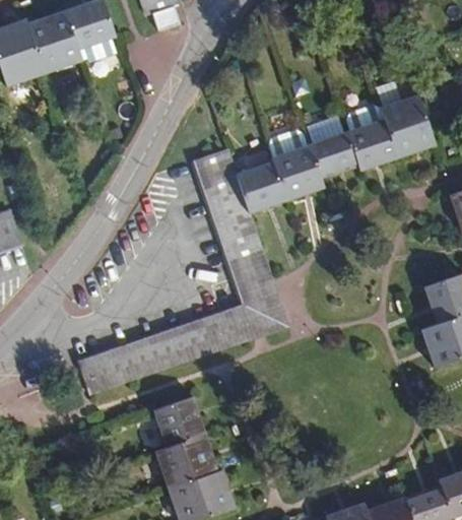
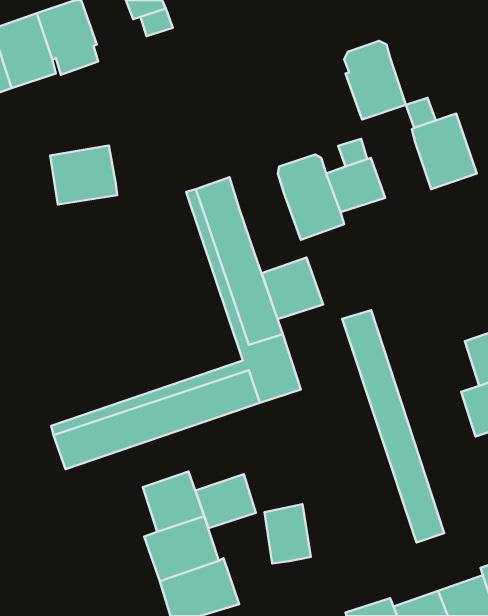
building: [345,106,397,172] -> [344,41,406,119]
building: none -> [50,145,117,204]
building: [236,162,287,214] -> [262,258,323,319]
building: none -> [342,310,444,542]
building: none -> [195,474,256,528]
building: none -> [264,504,311,564]

